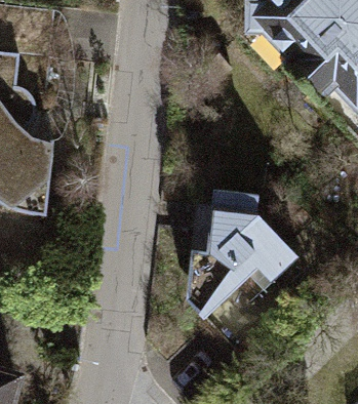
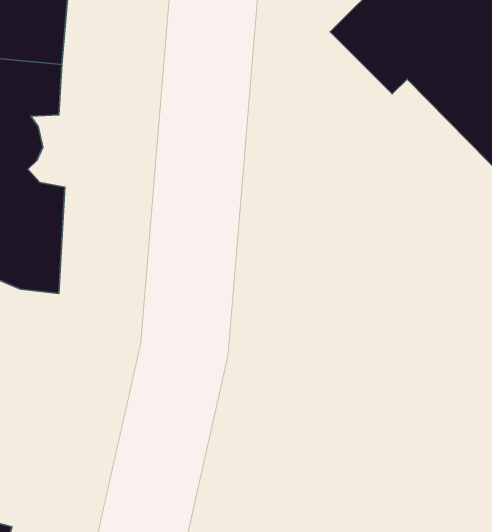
building: [189,191,304,319] -> none

